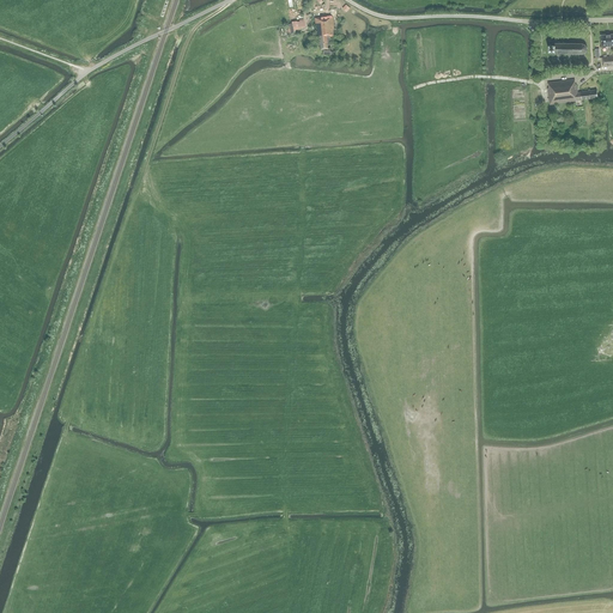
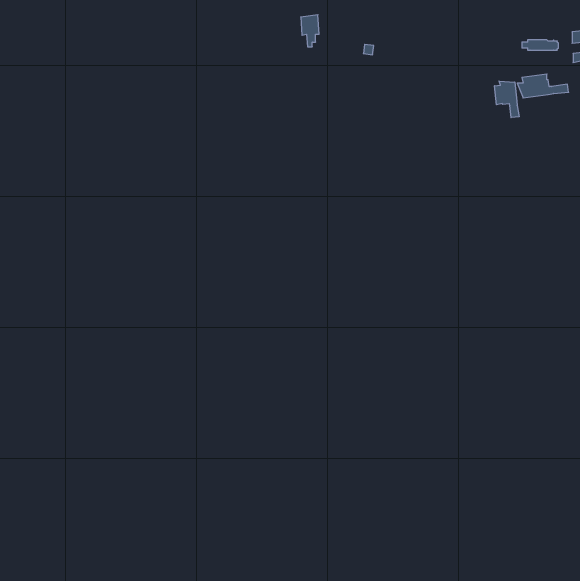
building: none -> [495,81,519,118]

